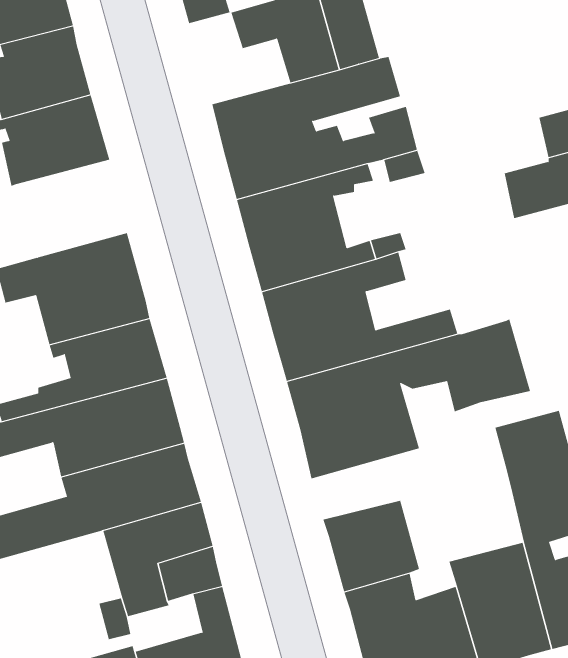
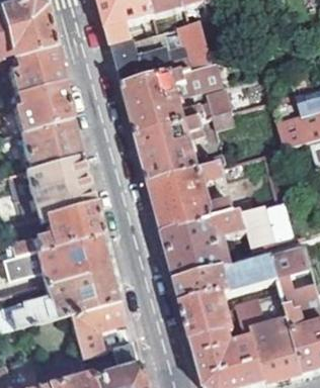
building: none -> [111,38,165,87]
building: none -> [20,116,79,168]
building: none -> [176,258,279,306]
building: none -> [236,292,289,332]

